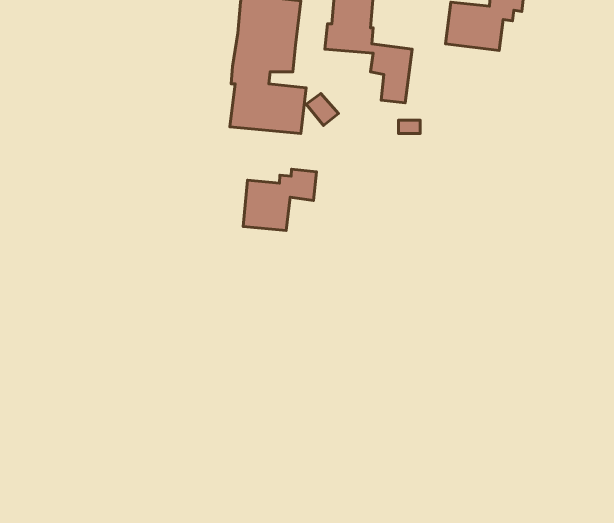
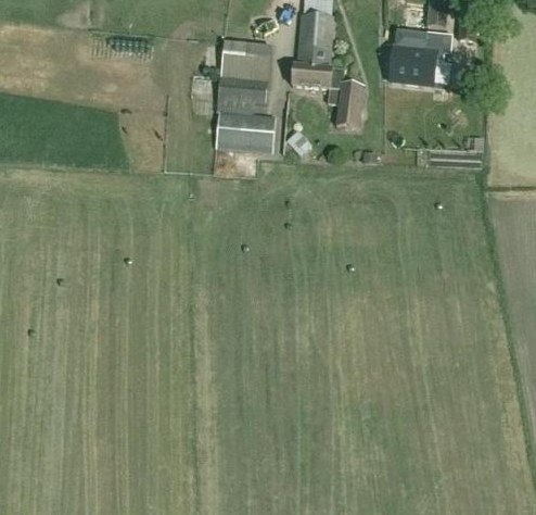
building: [243,169,316,231] -> none

